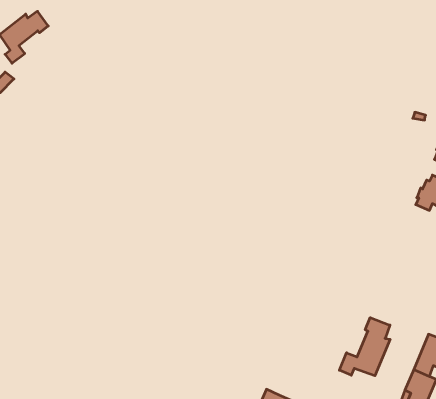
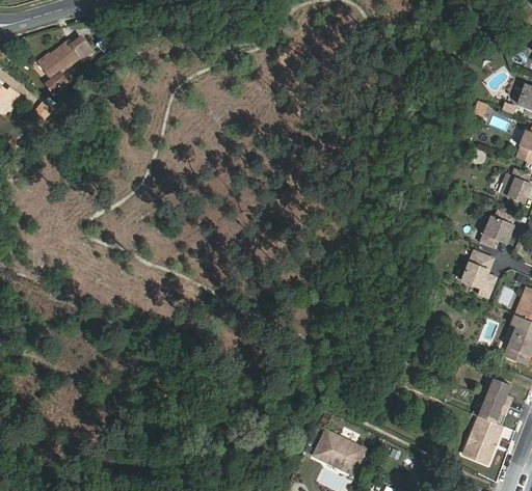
building: none -> [460,250,496,297]
building: [339,318,390,376] -> none

